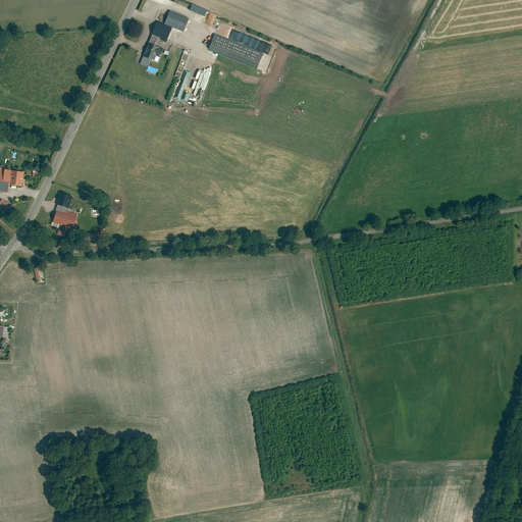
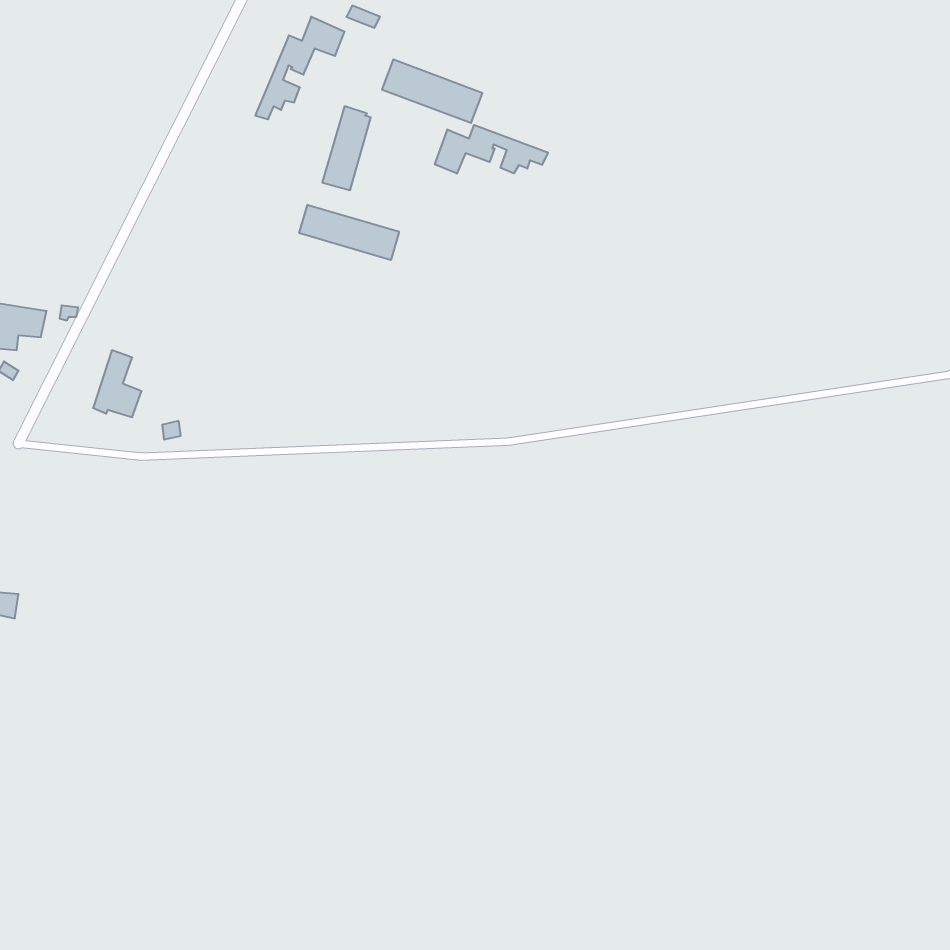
building: none -> [435,125,548,174]
building: none -> [299,205,399,260]

